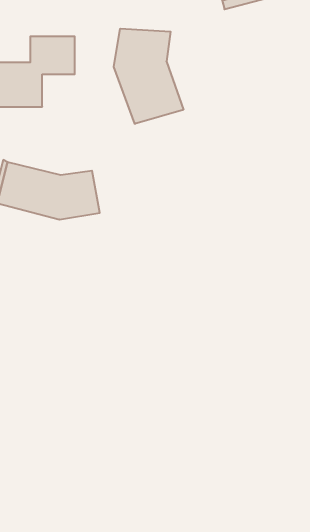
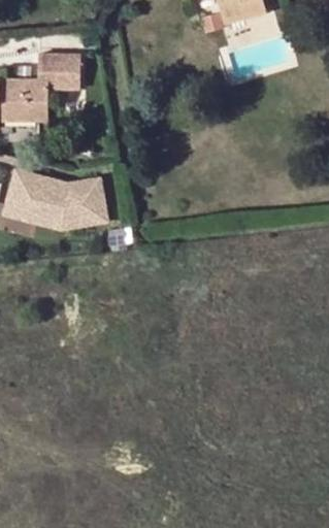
building: [114,29,183,124] -> none

